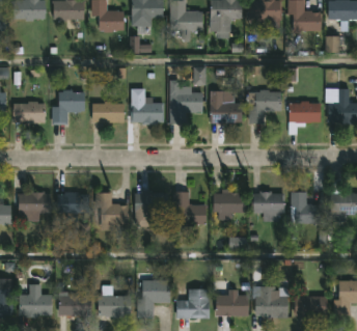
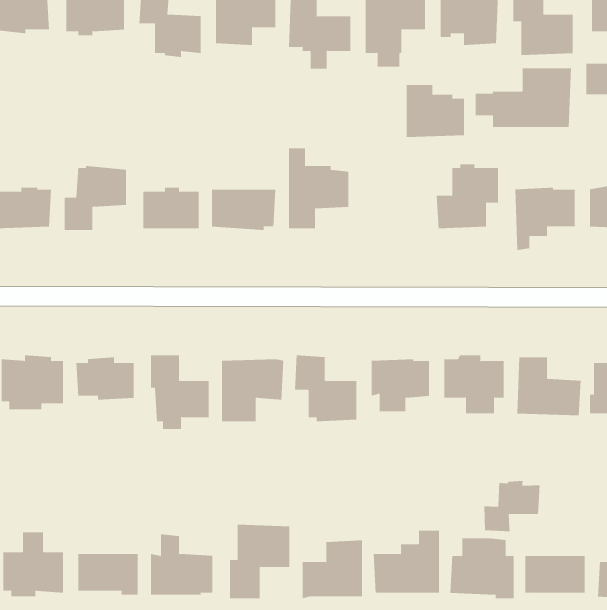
building: none -> [475,67,572,128]
building: [211,95,242,123] -> [406,84,465,138]
building: none -> [484,480,540,532]

